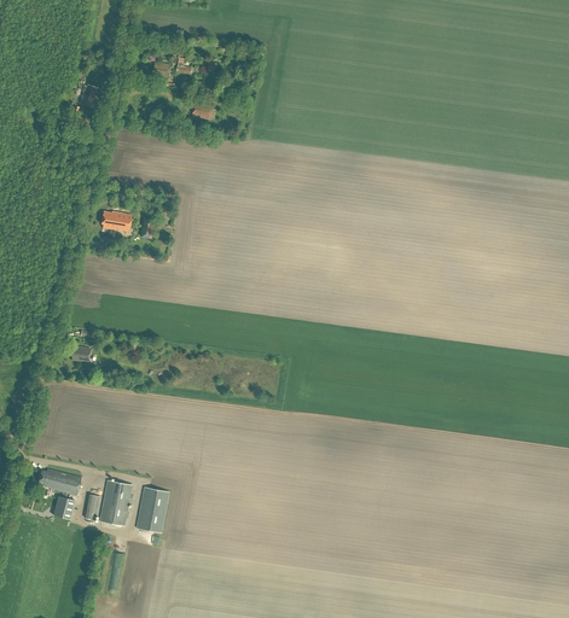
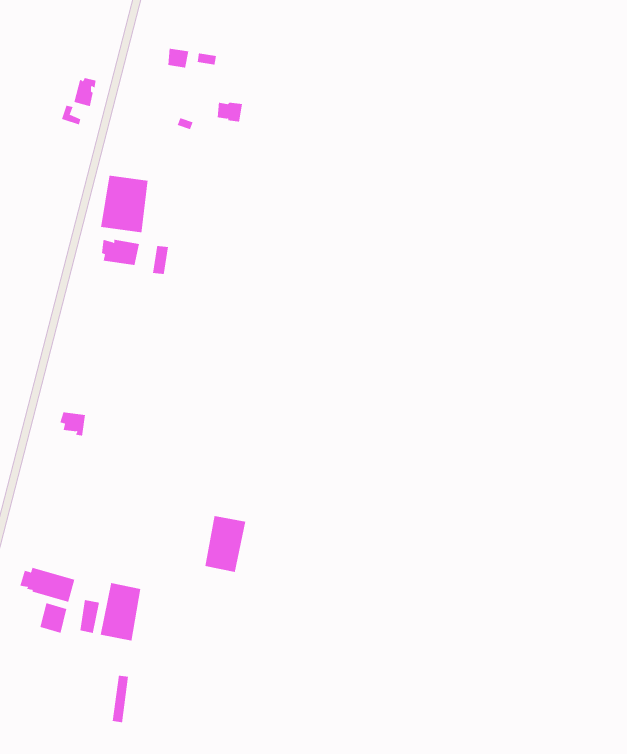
building: none -> [101,175,148,233]
building: [137,486,169,531] -> [205,515,246,572]

